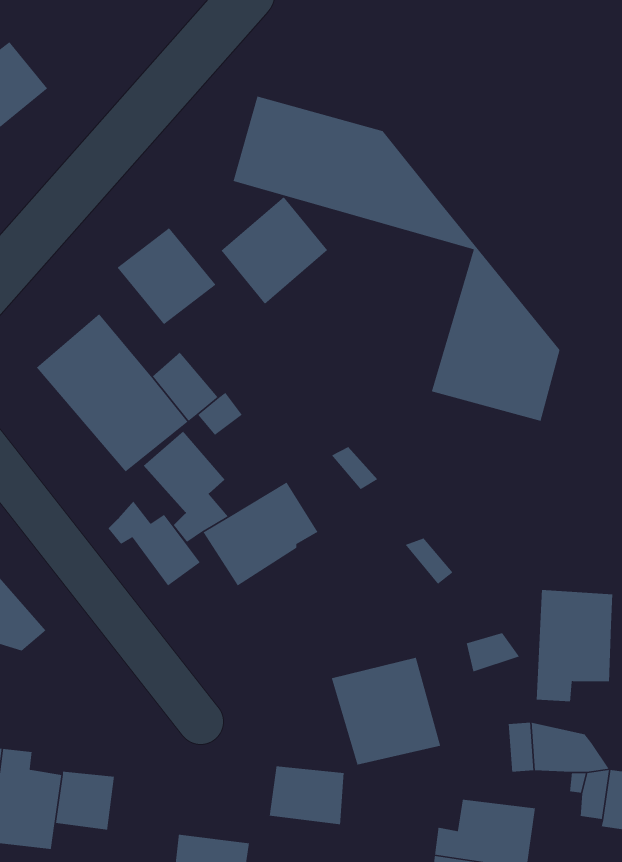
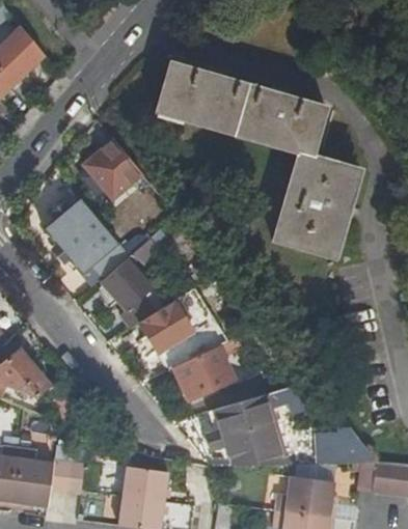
building: none -> [244,83,361,213]
building: [220,196,328,305] -> none
building: [108,501,201,586] -> none
building: none -> [173,345,233,398]
building: [536,589,613,702] -> none
building: [269,765,344,825] -> [123,469,167,504]

